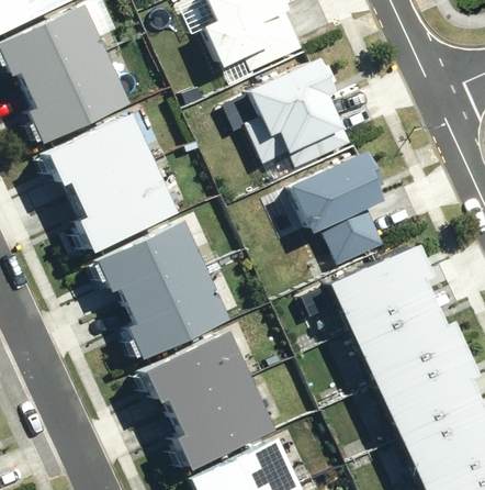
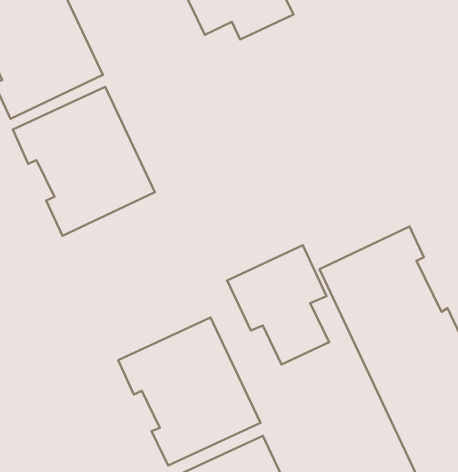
building: [248,57,349,167] -> none
building: [291,151,385,261] -> [227,245,329,365]
building: [97,221,228,358] -> none

